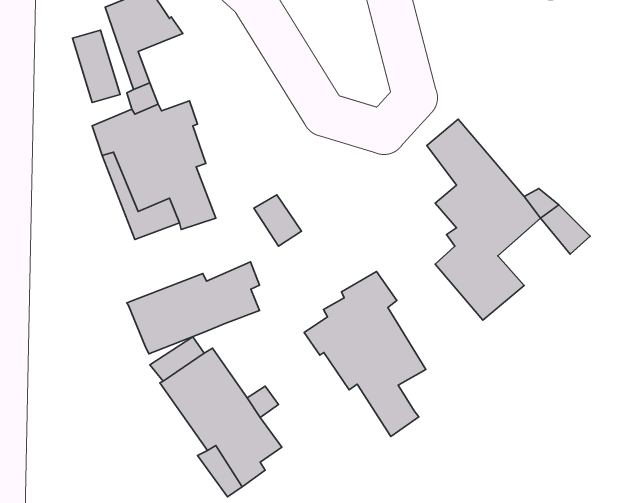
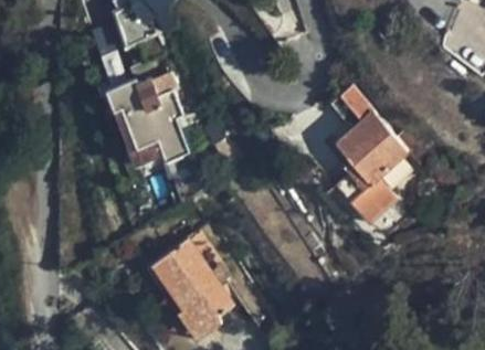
building: [127,262,259,354] -> none
building: [304,272,426,436] -> none

